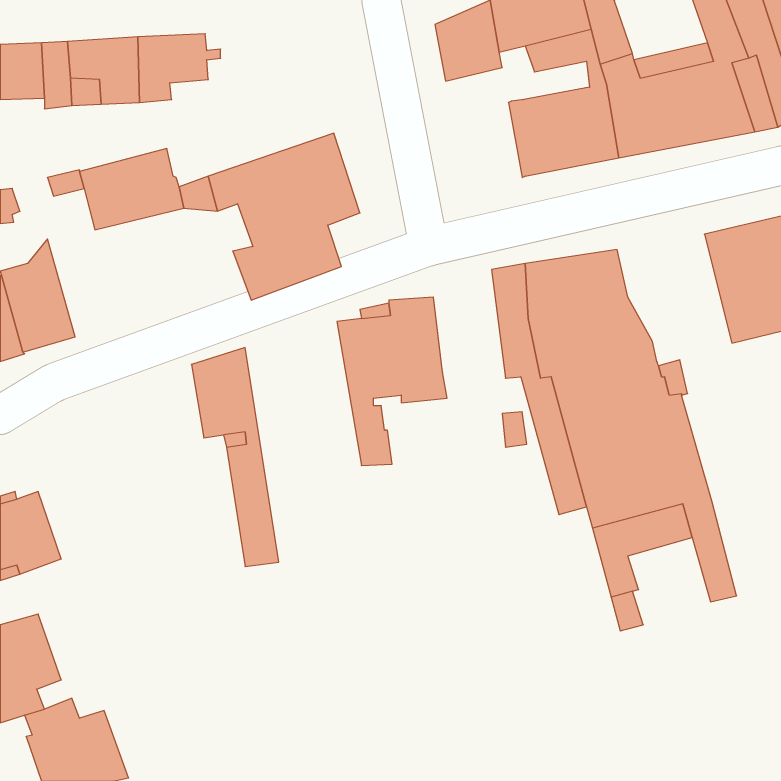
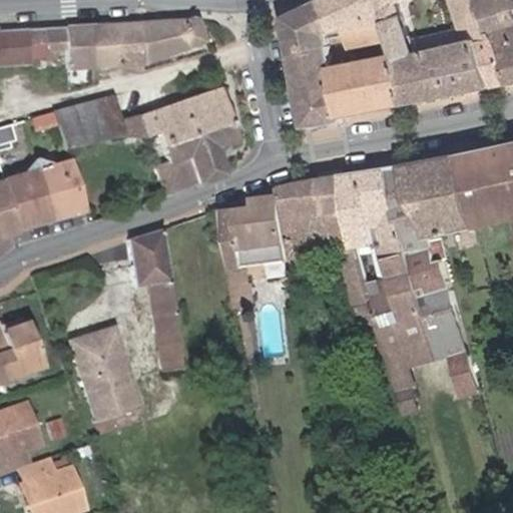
building: none -> [112,19,204,65]
building: none -> [293,44,346,125]
building: none -> [405,153,480,236]
building: none -> [32,156,83,220]
building: none -> [284,176,332,279]
building: none -> [70,330,137,421]

